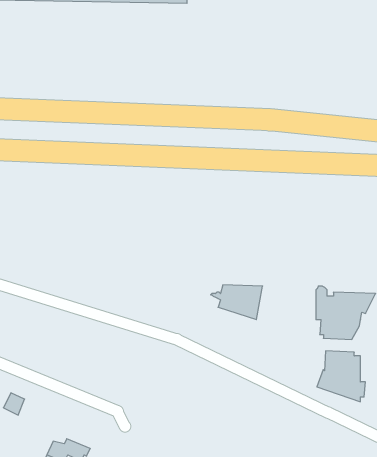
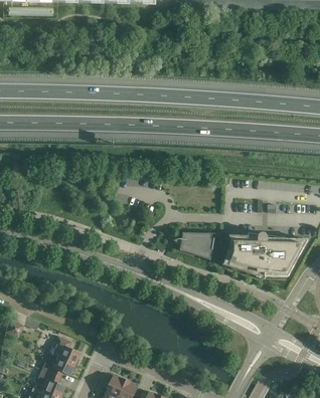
building: [317,351,365,402] -> [224,234,264,275]
building: none -> [49,335,79,364]

